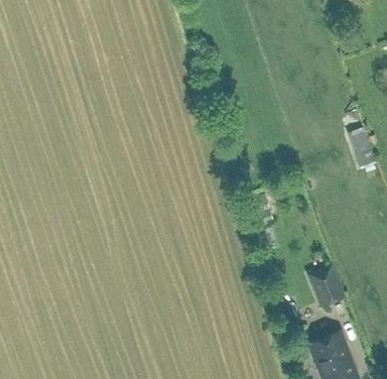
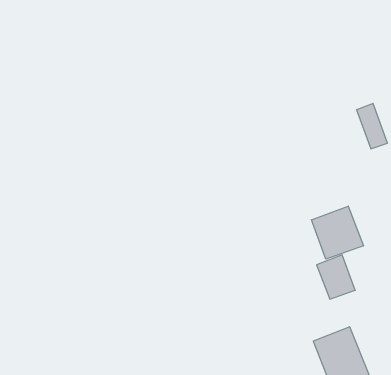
building: none -> [311,206,363,259]

